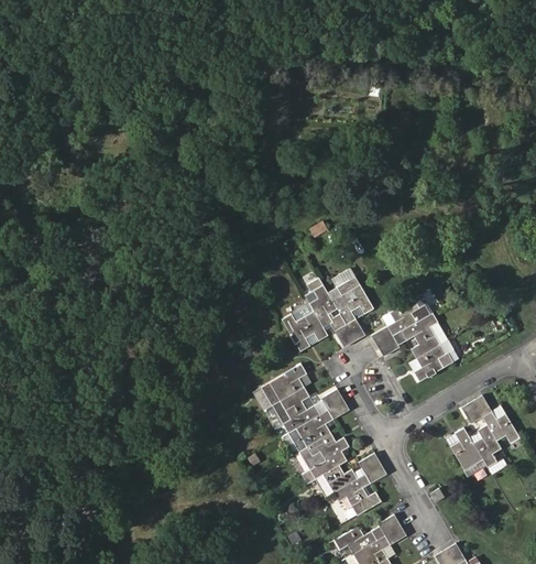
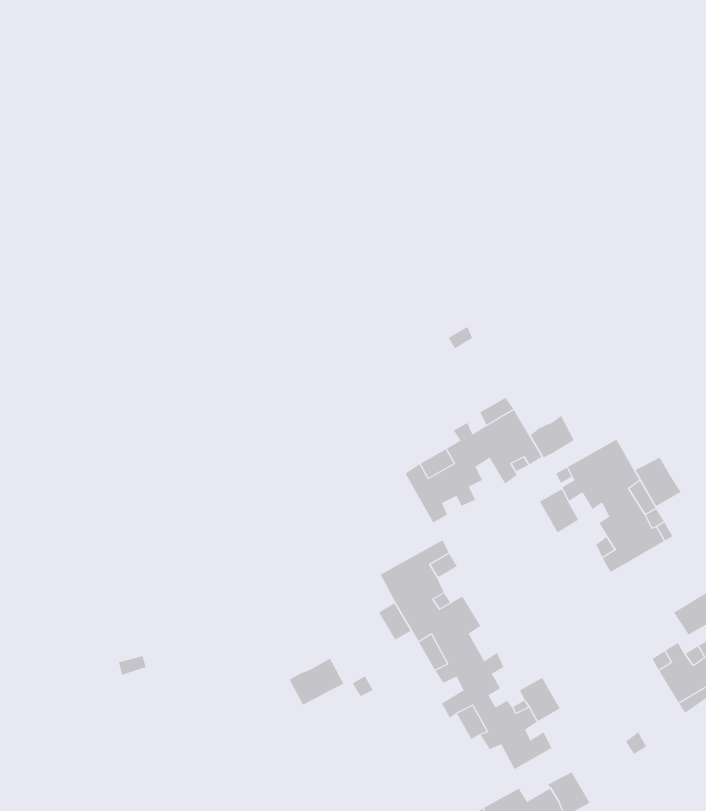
building: none -> [635,457,682,507]
building: [336,318,365,347] -> [530,415,575,458]
building: [320,389,349,419] -> none
building: none -> [289,658,344,705]

